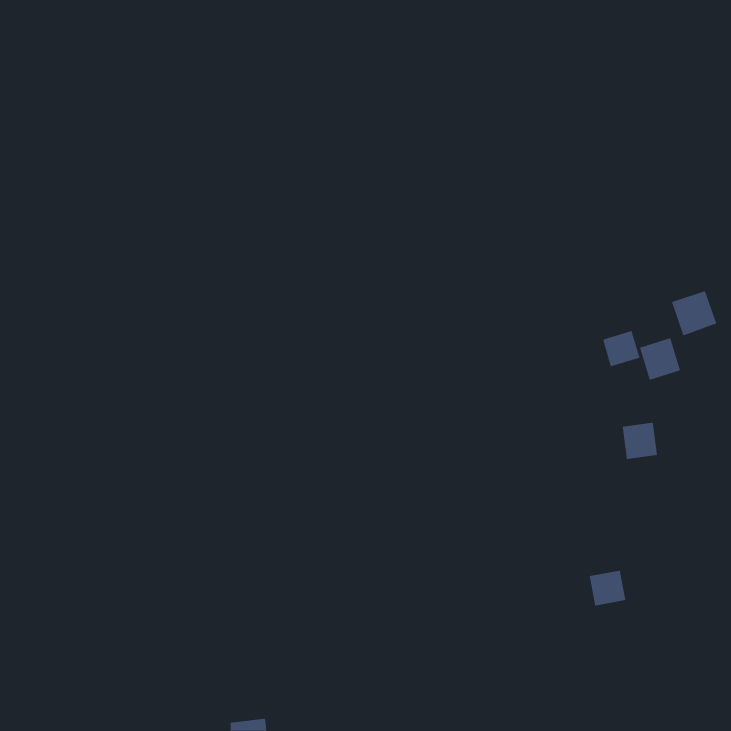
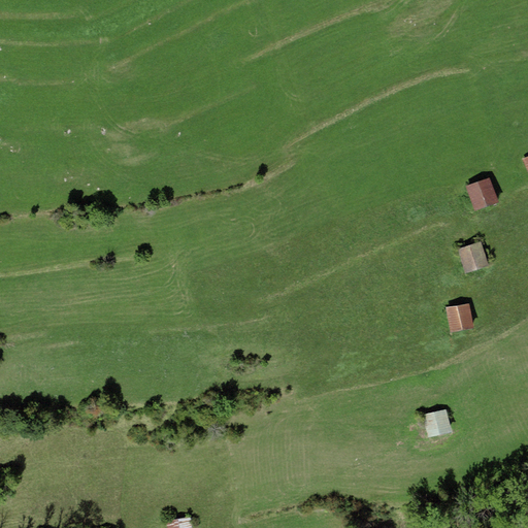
building: [671,290,717,336] -> [466,177,499,210]
building: [602,330,640,367] -> none

